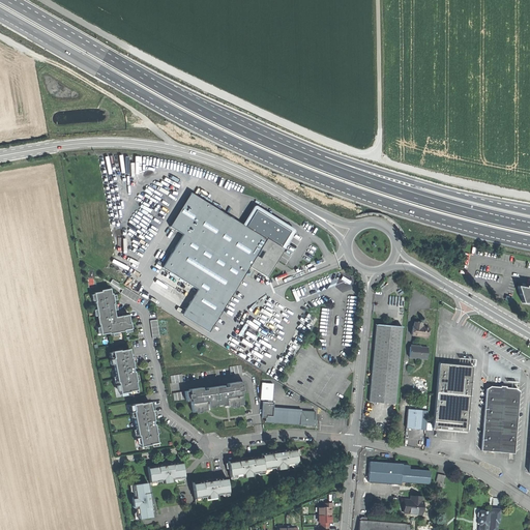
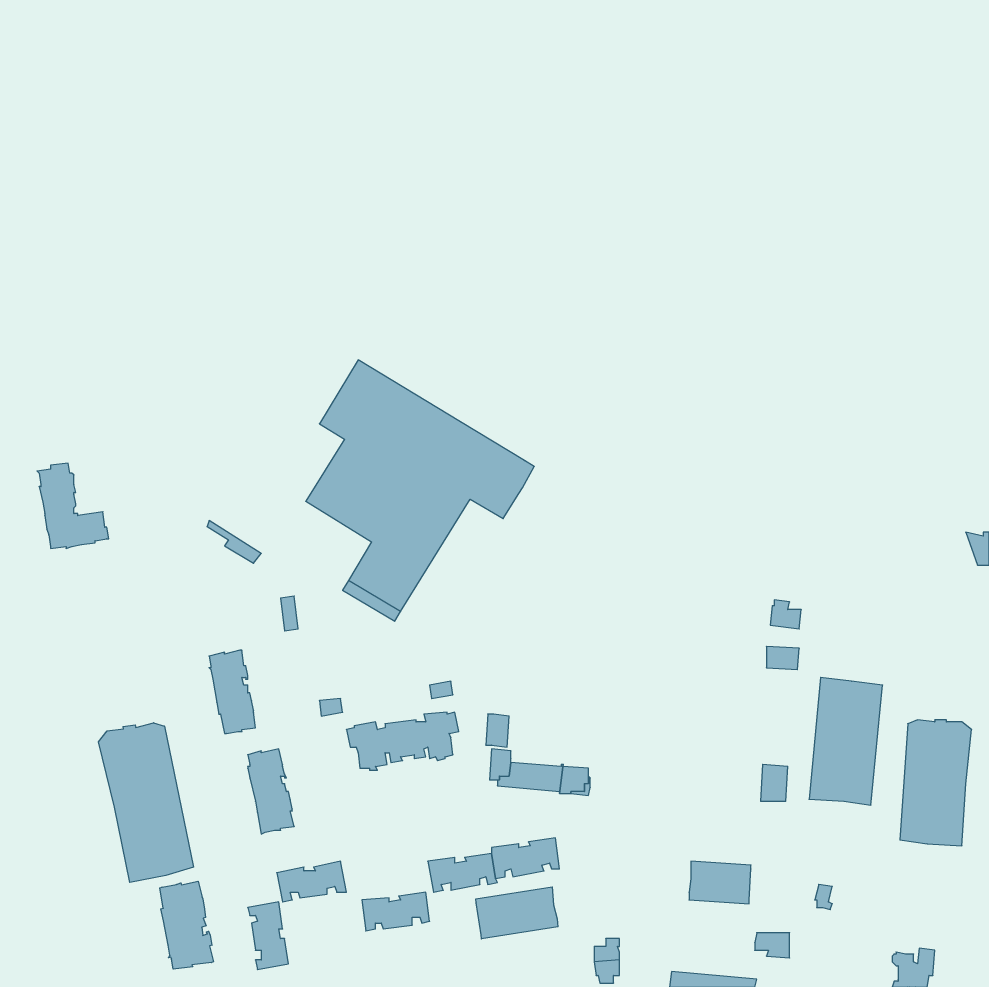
building: [246,209,290,246] -> none
building: [93,288,131,333] -> [37,463,109,548]
building: [370,324,403,404] -> none
building: none -> [98,723,194,882]
building: [401,465,430,483] -> none
building: none -> [160,881,214,969]
building: none -> [476,887,558,939]

